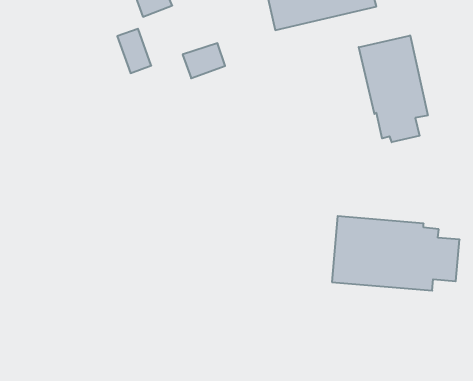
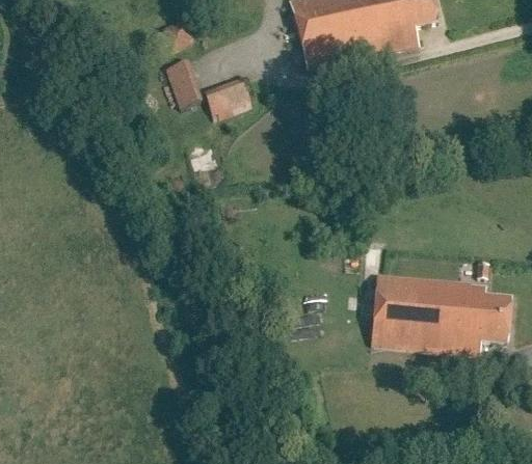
building: [117,29,151,73] -> [166,60,204,109]
building: [359,35,428,142] -> none

